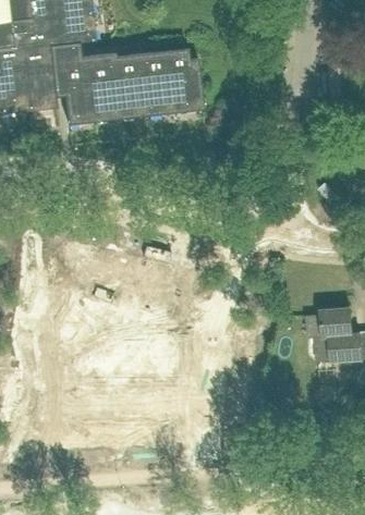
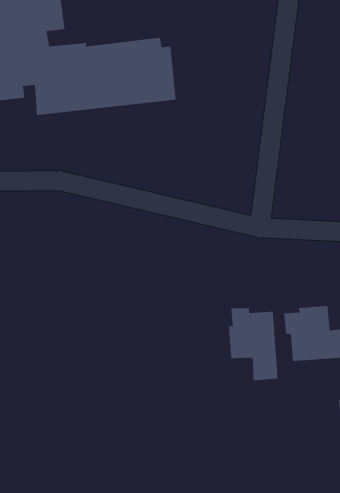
building: none -> [228,307,278,381]

